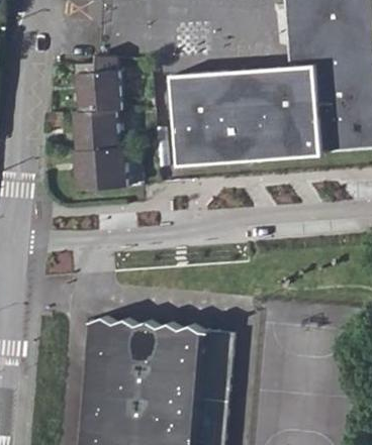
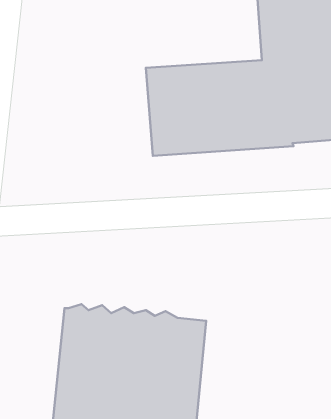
building: [75,57,126,191] -> none

